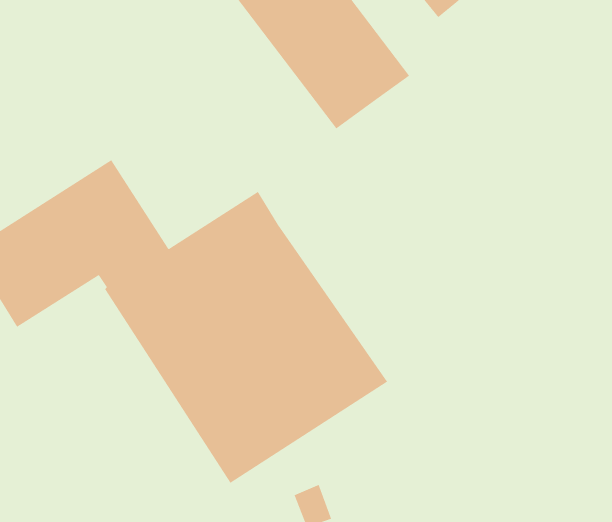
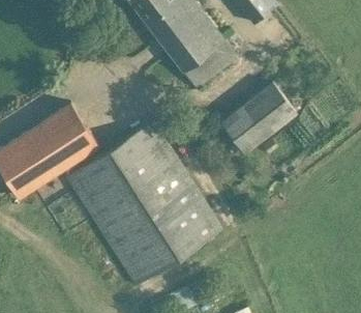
building: none -> [221,82,296,151]

